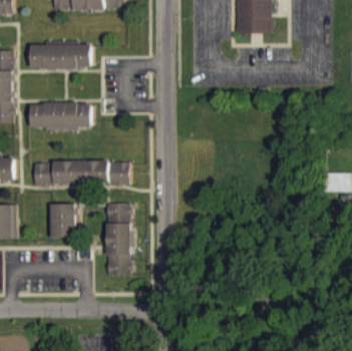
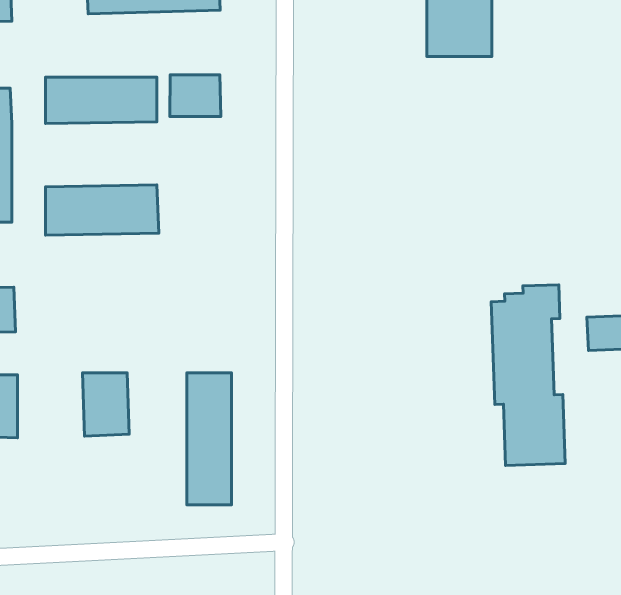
building: none -> [170,75,221,117]
building: none -> [491,285,565,466]
building: [33,161,128,185] -> none

